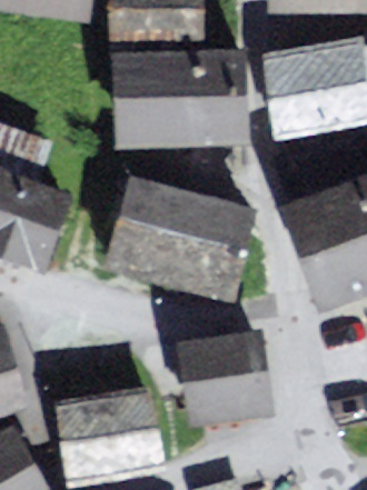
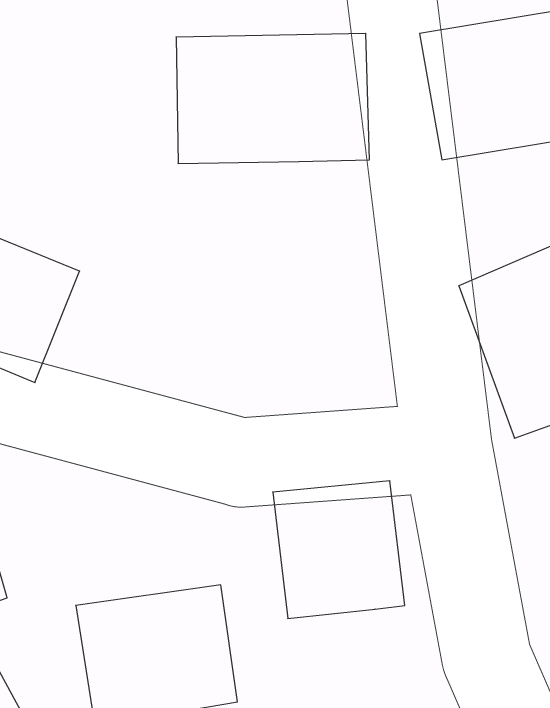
building: [109,183,244,293] -> none

